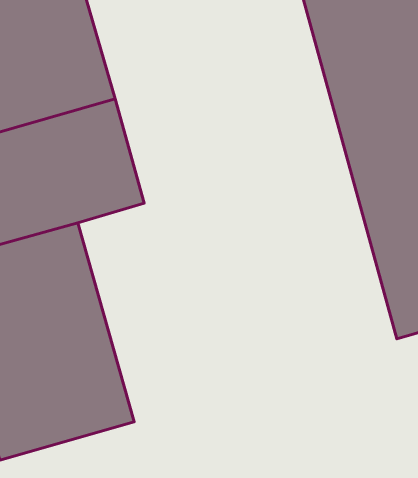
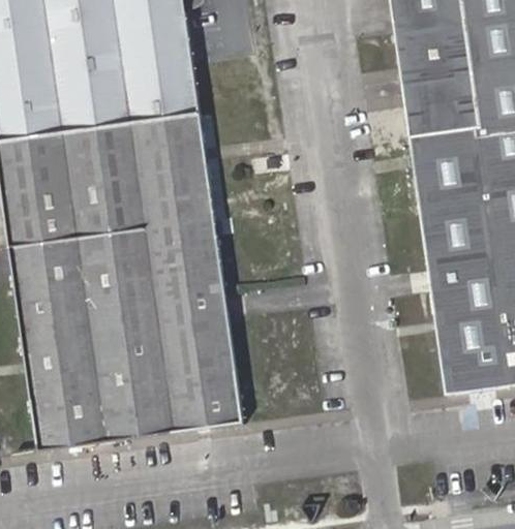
building: none -> [148,217,245,429]

